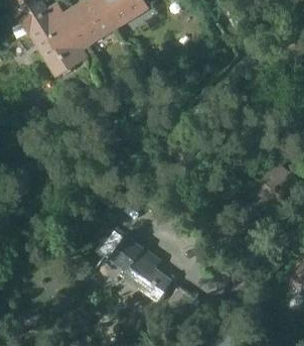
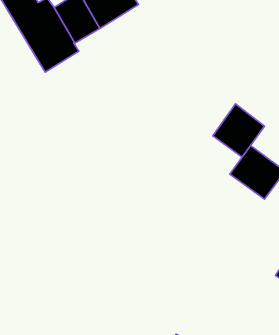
building: none -> [213,104,265,157]
building: [107,236,172,302] -> none

